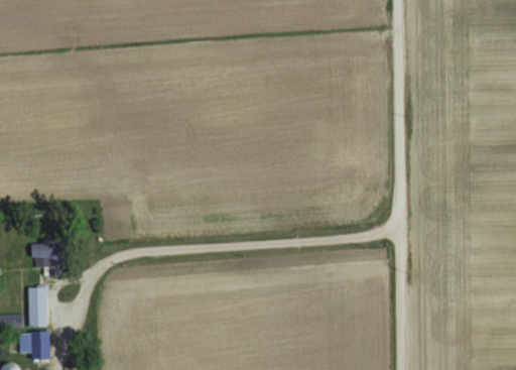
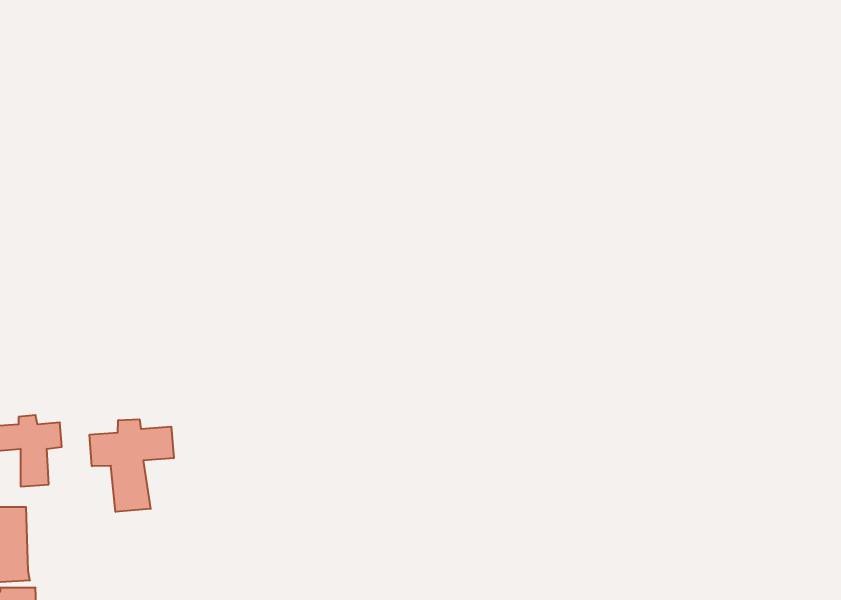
building: none -> [90,419,174,512]

